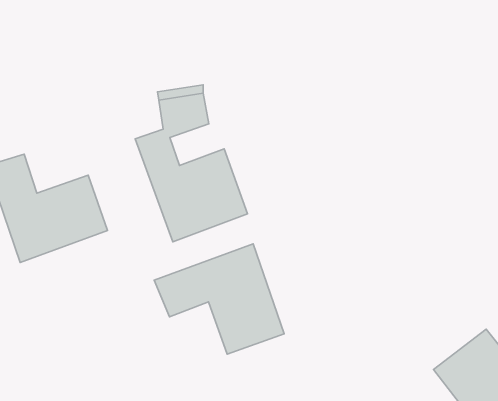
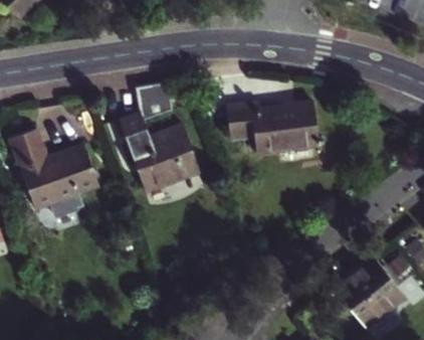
building: none -> [227,104,319,154]
building: [154,244,284,354] -> none

